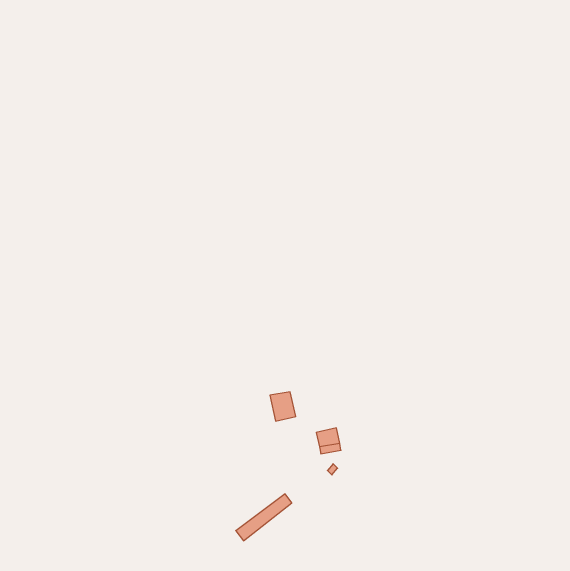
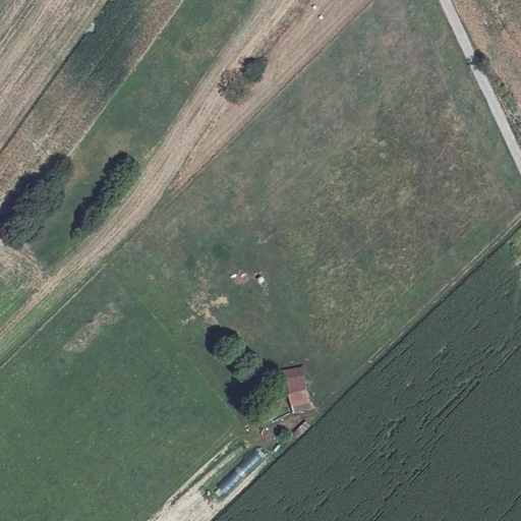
building: [270,392,296,421] -> [283,367,306,394]

